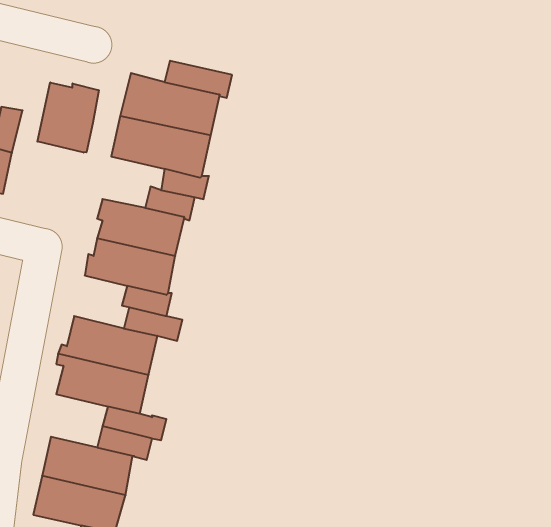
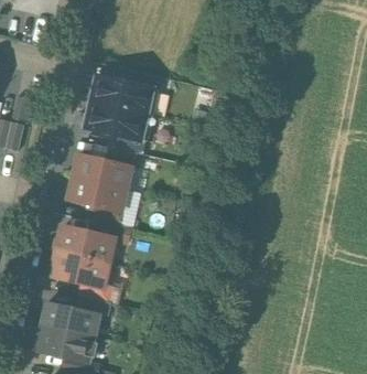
building: [37,82,99,153] -> none

